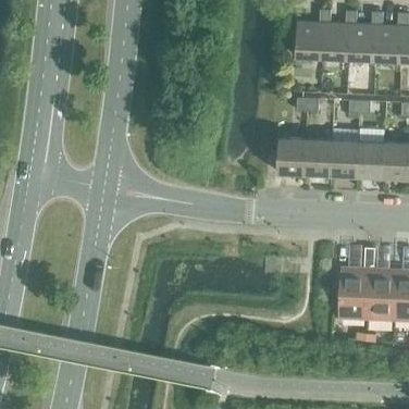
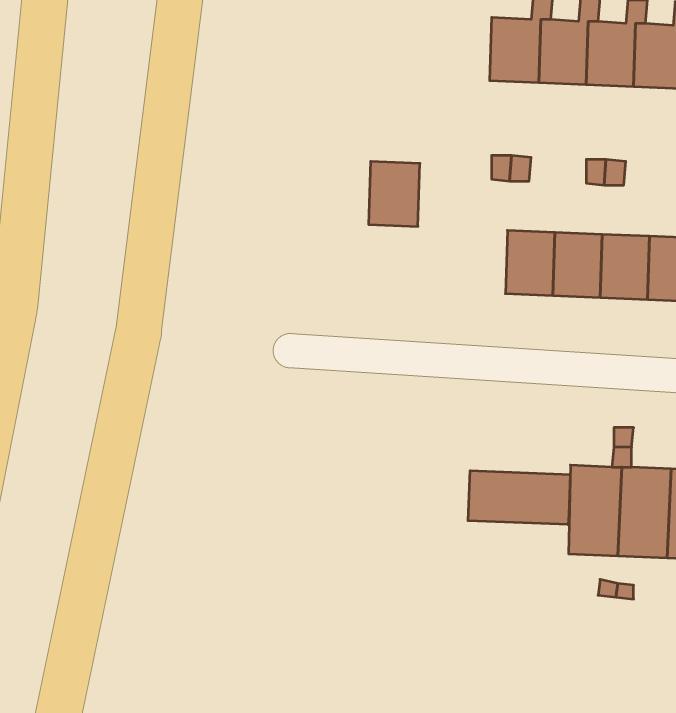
building: [277,138,306,174] -> [369,161,420,226]
building: none -> [468,471,570,525]

